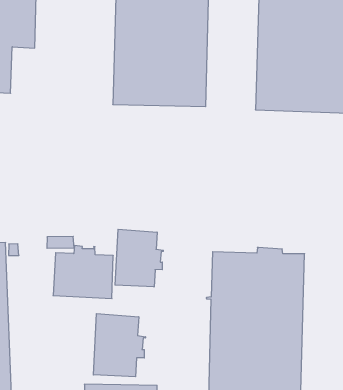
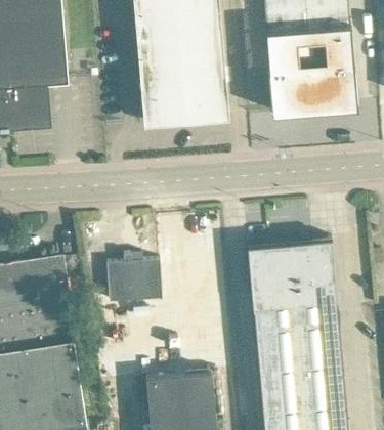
building: [115,229,163,287] -> none
building: [93,314,145,377] -> none

